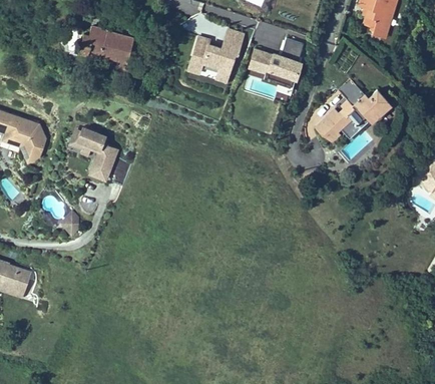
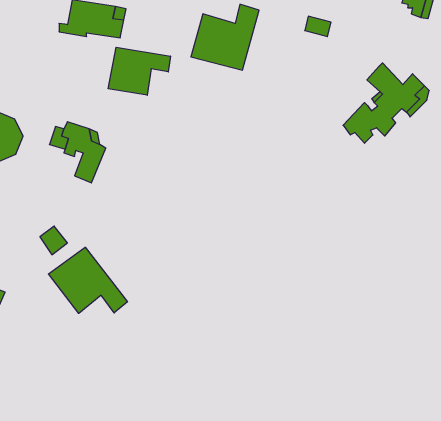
building: [248,46,304,86] -> none
building: none -> [108,47,170,95]
building: none -> [48,247,127,313]

